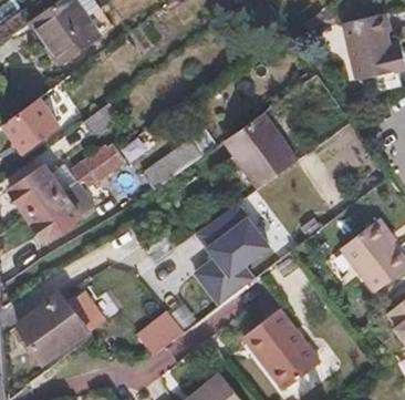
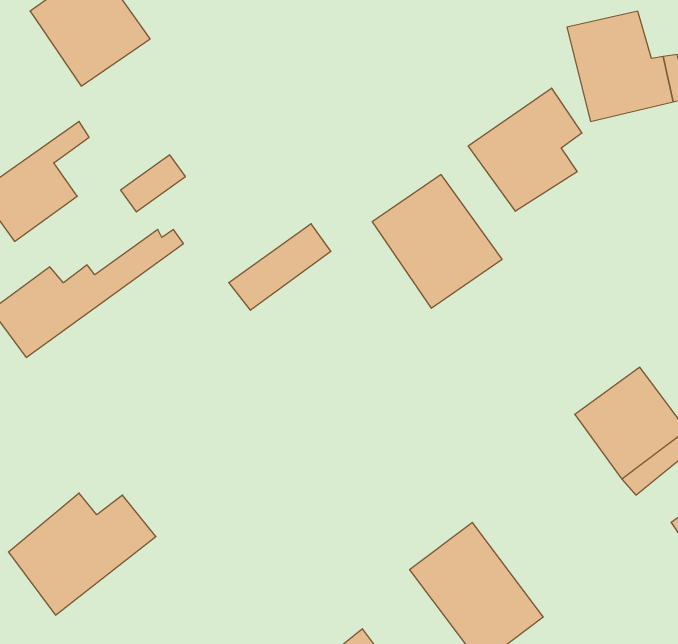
building: none -> [468,88,582,211]
building: [29,153,124,243] -> none
building: [197,201,273,305] -> none
building: [136,312,184,358] -> none

